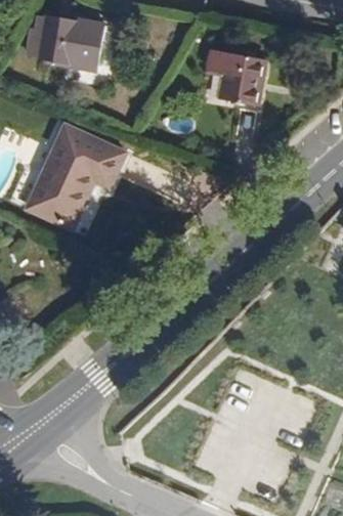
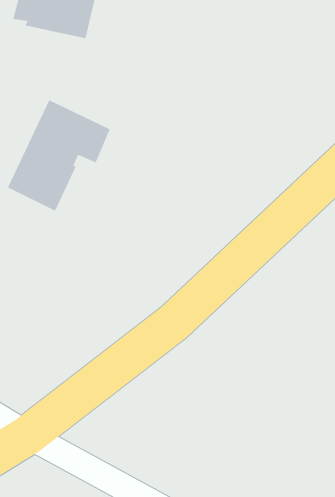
building: [218,53,273,111] -> none

